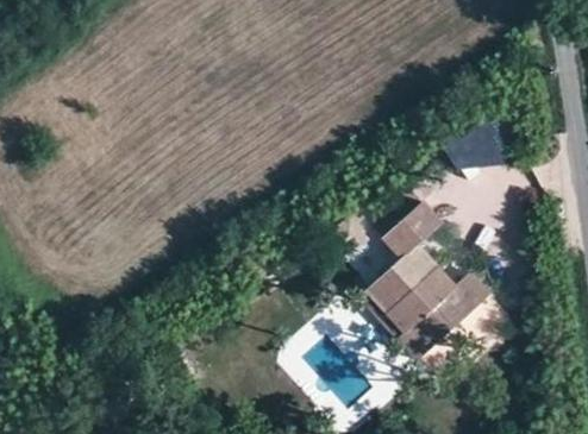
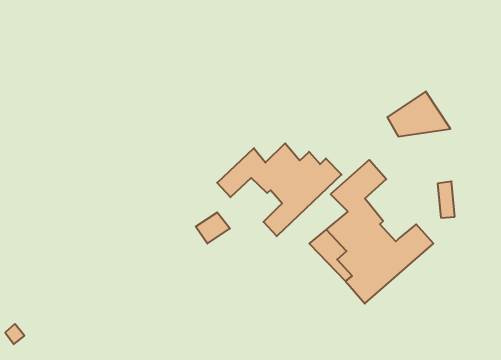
building: none -> [217,143,342,236]

